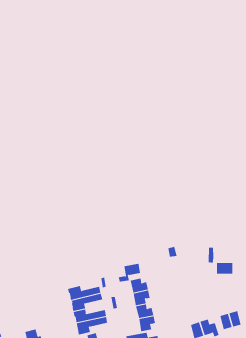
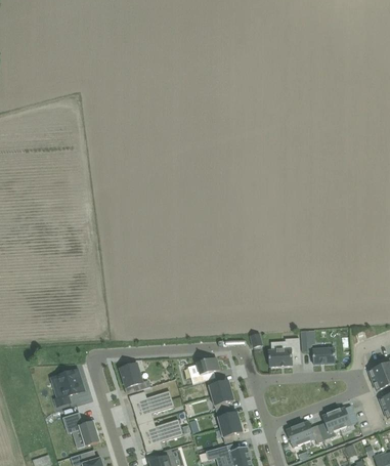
building: none -> [268,338,300,367]
building: none -> [120,363,149,390]
building: none -> [55,371,79,406]
building: none -> [62,413,99,446]

